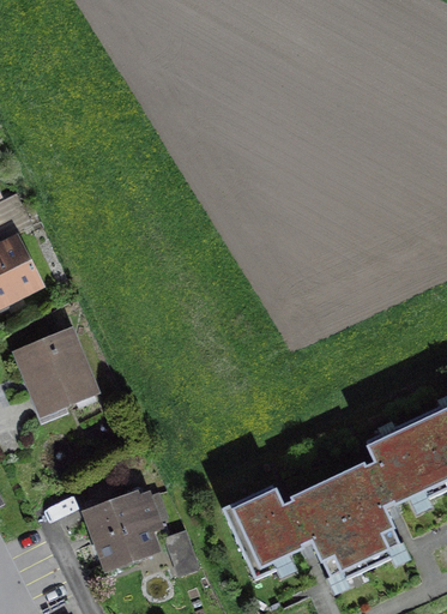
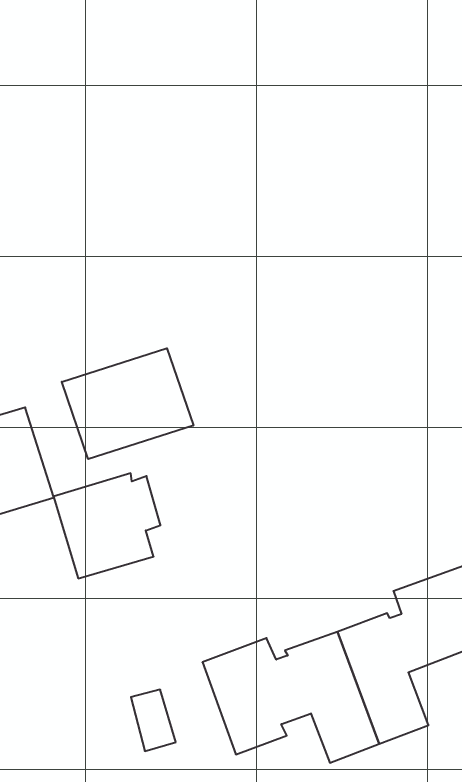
building: none -> [62,348,193,459]
building: [80,490,162,572] -> [54,473,161,578]

